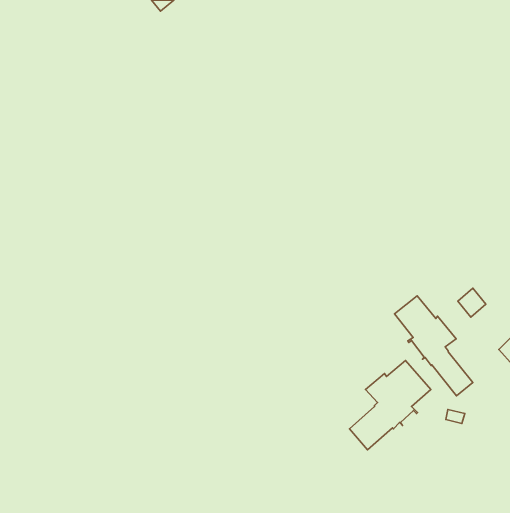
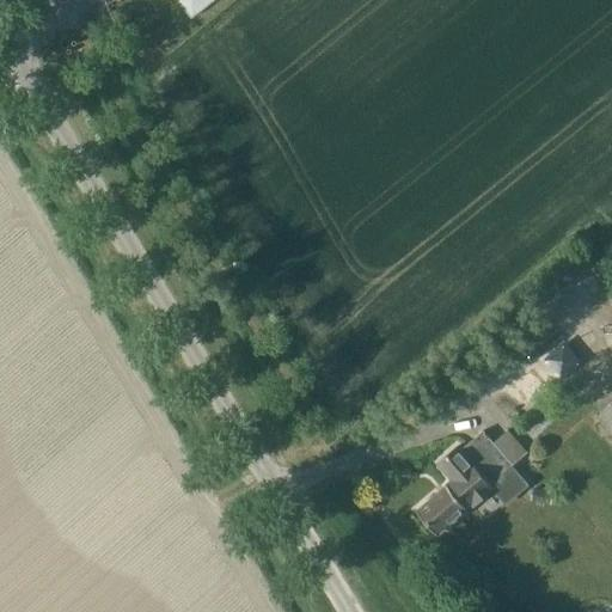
building: [395,296,473,396] -> none

